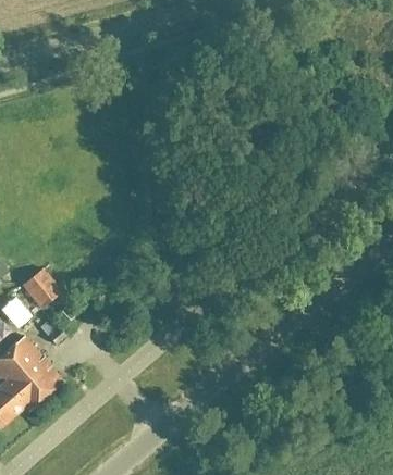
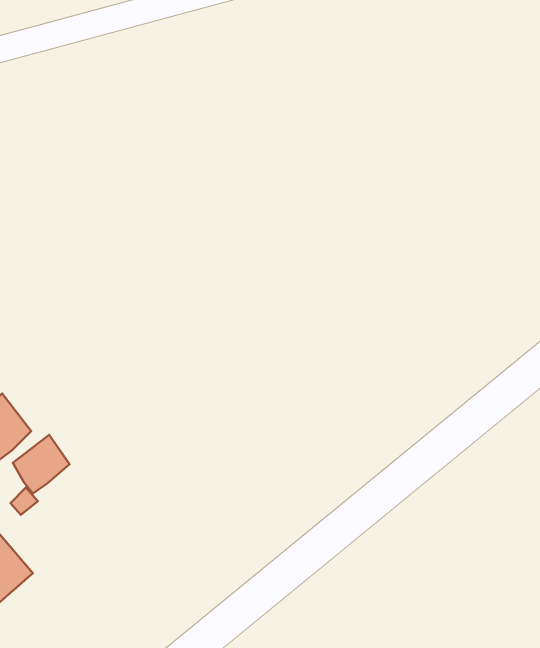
building: none -> [13,435,69,493]

